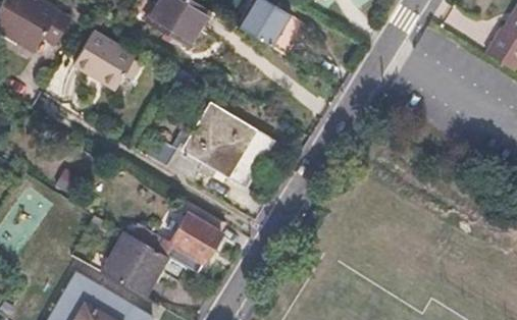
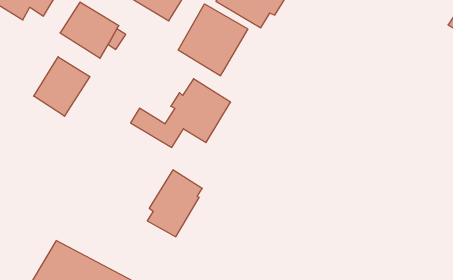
building: none -> [178,4,248,76]
building: none -> [34,57,90,116]
building: [96,237,183,300] -> none

